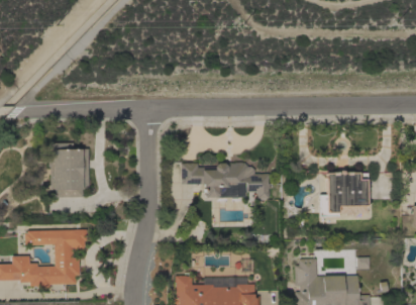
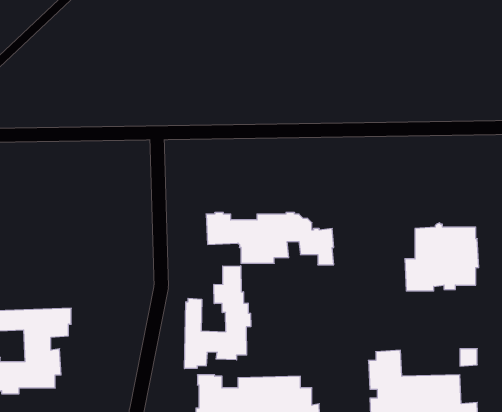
building: [49,143,90,198] -> none
building: none -> [185,266,251,369]

